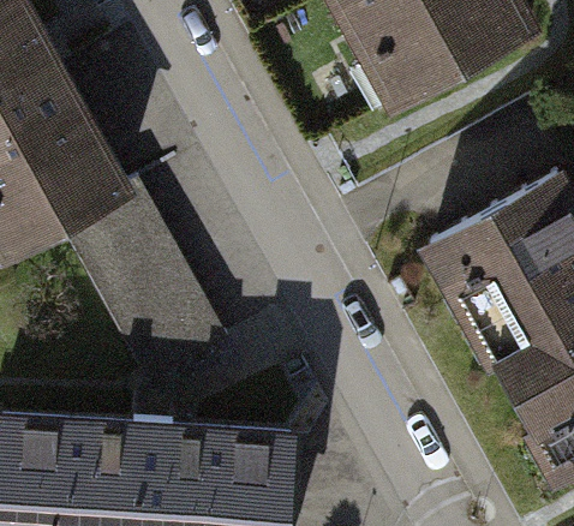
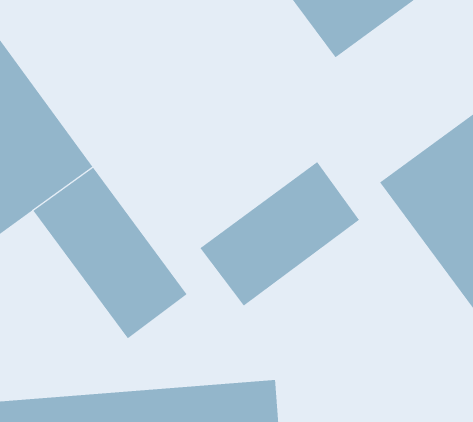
building: none -> [200,161,360,306]

